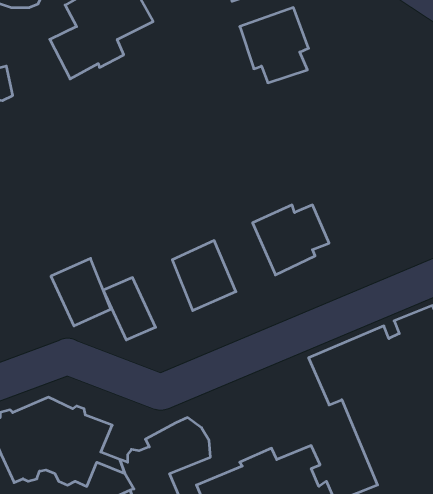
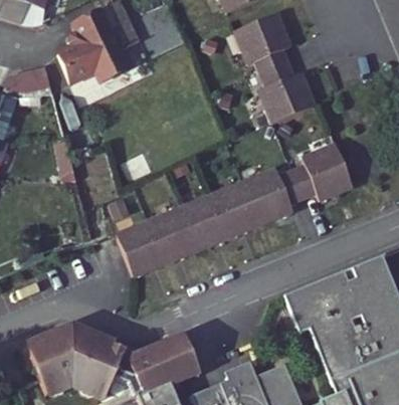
building: none -> [242,64,298,123]
building: none -> [278,145,339,201]
building: none -> [201,185,249,239]
building: [51,258,111,326] -> [137,214,184,267]

